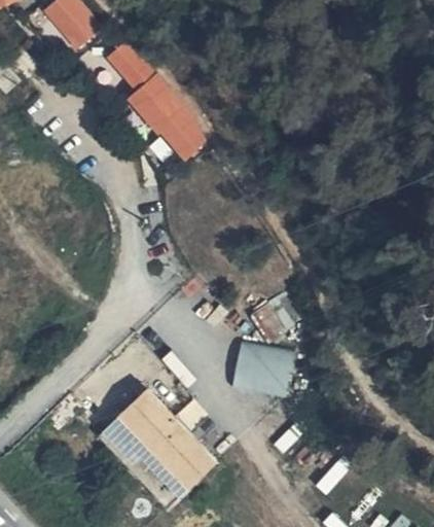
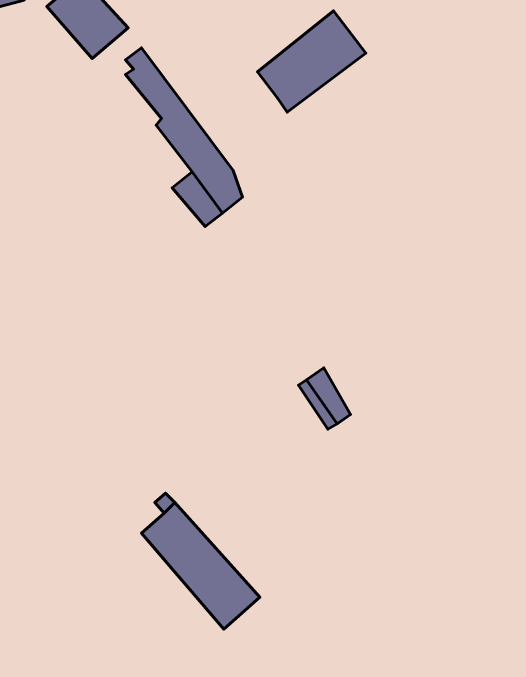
building: none -> [258,11,366,112]
building: [241,338,300,391] -> none
building: [98,412,186,506] -> none

